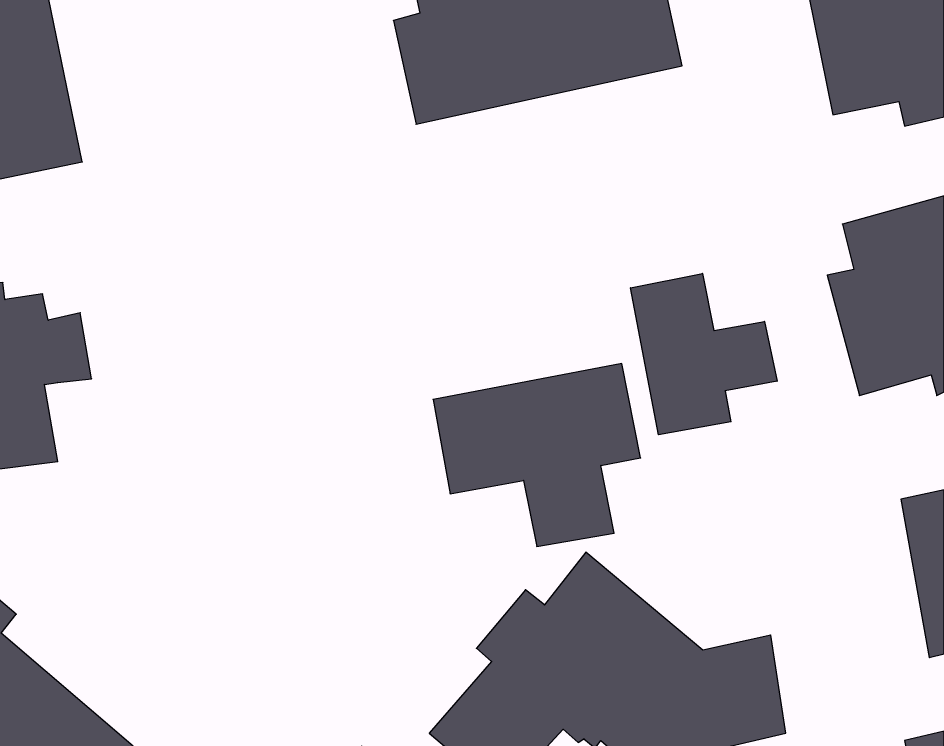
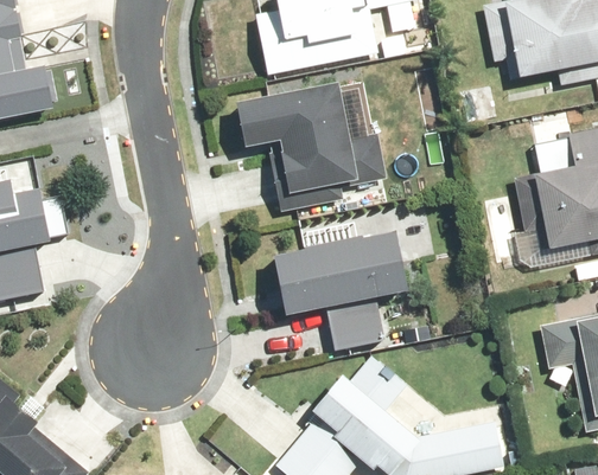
building: none -> [228,86,381,211]
building: [631,273,777,435] -> none

